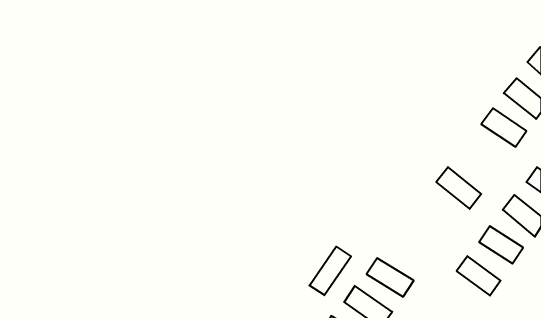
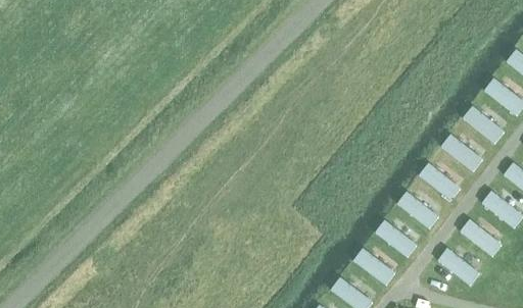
building: none -> [439,135,485,172]
building: none -> [396,190,438,228]
building: none -> [374,217,416,257]
building: [309,247,351,295] -> none

